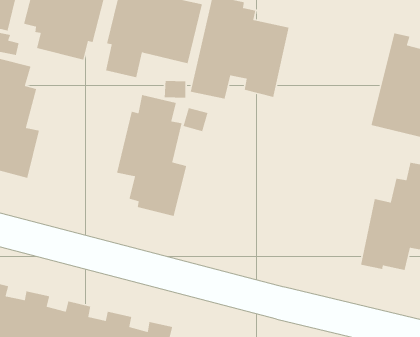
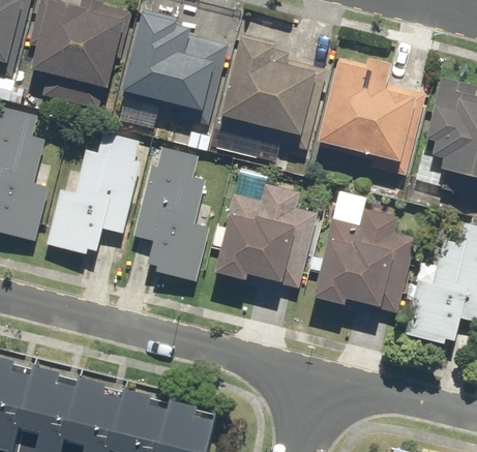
building: none -> [317,56,426,175]
building: none -> [47,132,140,253]
building: none -> [213,175,316,281]
building: none -> [308,201,415,306]

